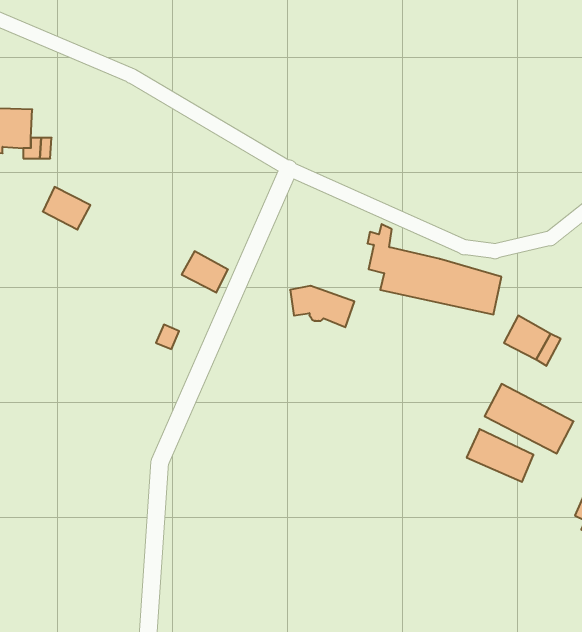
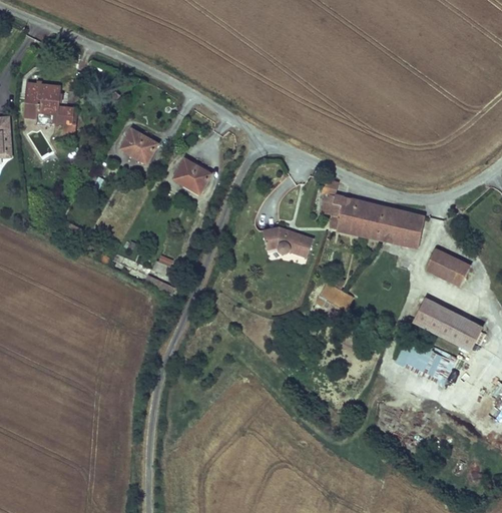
building: [43,187,90,230] -> [117,131,154,164]
building: [182,251,228,293] -> [174,162,210,194]
building: none -> [320,282,354,310]

